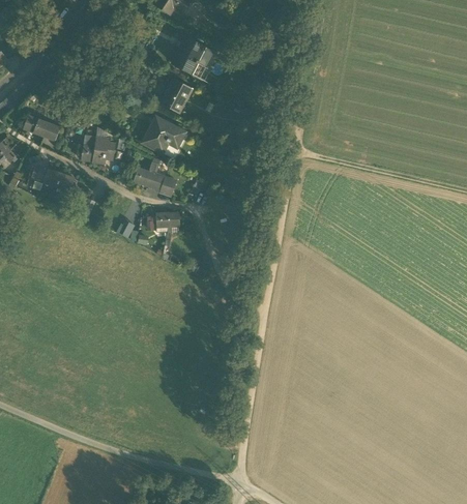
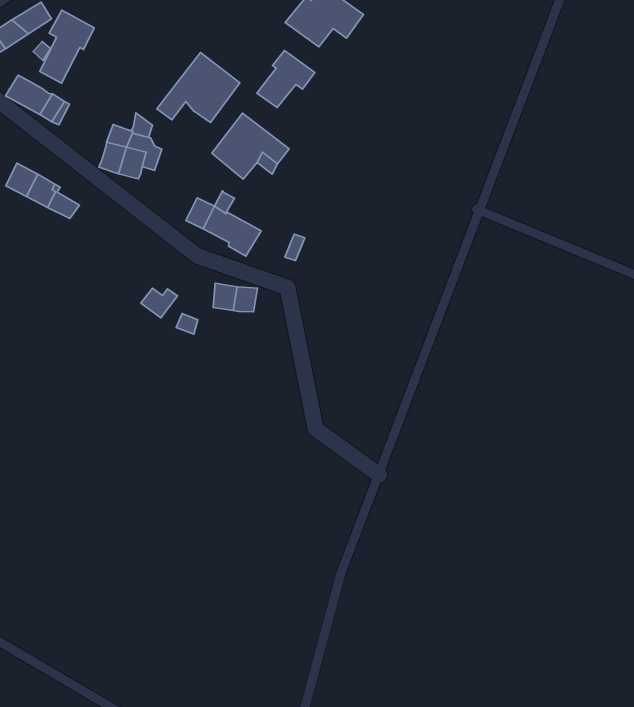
building: none -> [40,10,94,83]
building: none -> [157,52,240,122]

